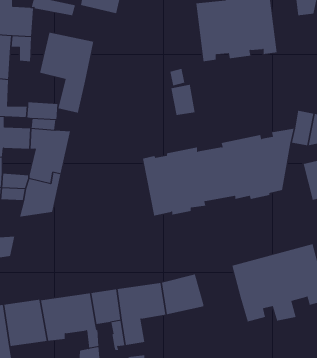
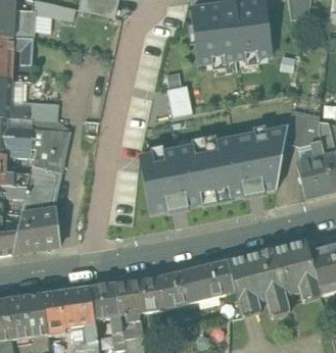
building: [39,32,94,113] -> none
building: none -> [12,209,59,252]
building: none -> [192,260,235,301]

